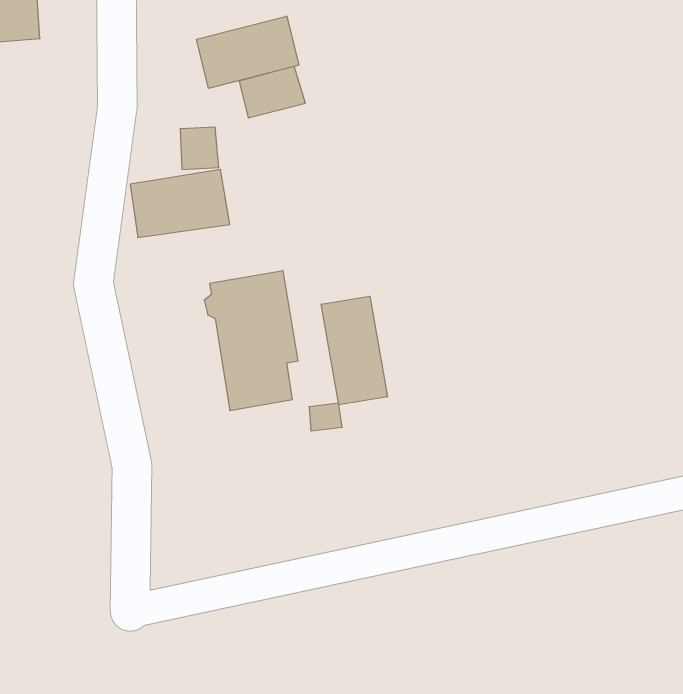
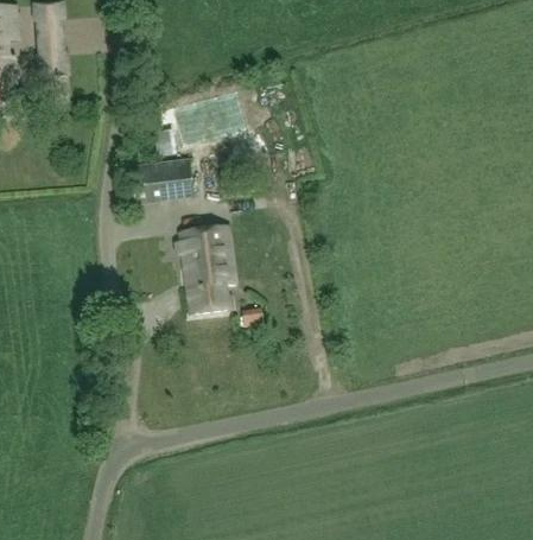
building: [197,16,299,88] -> none
building: [321,296,388,405] -> none

